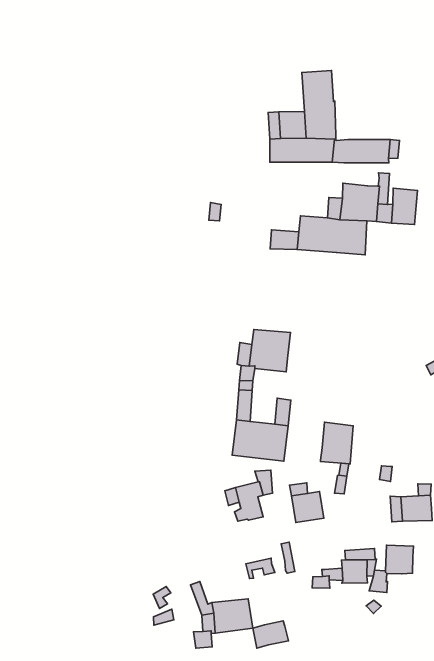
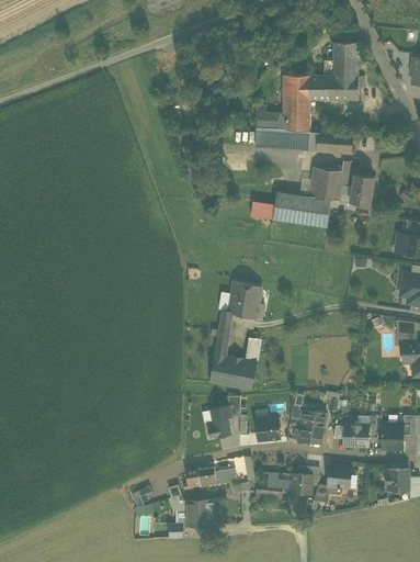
building: none -> [309,43,357,101]
building: [320,422,353,464] -> [297,409,326,445]
building: [253,621,289,648] -> [188,468,216,488]

